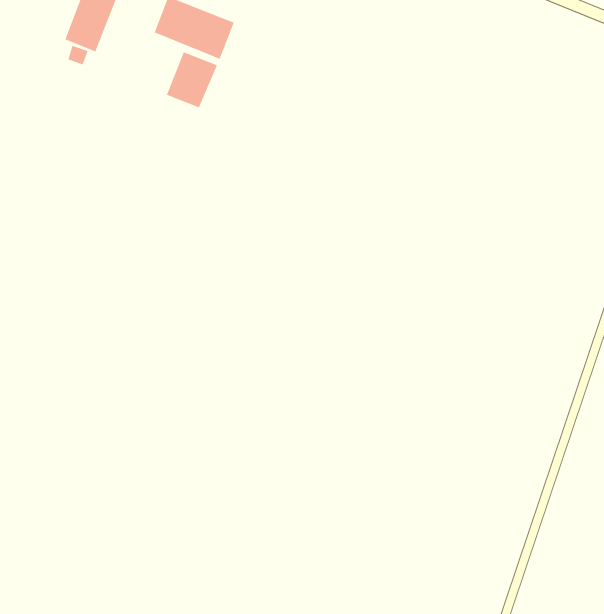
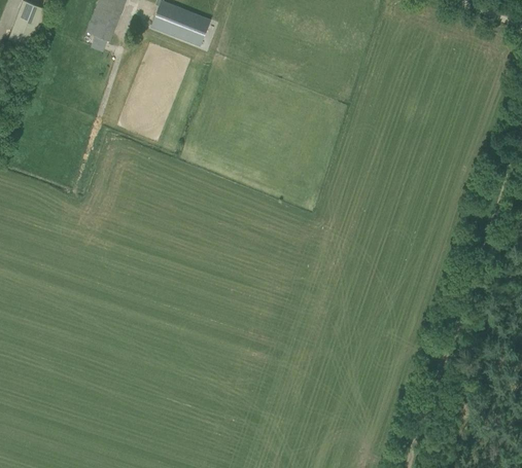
building: [166,51,217,108] -> none

